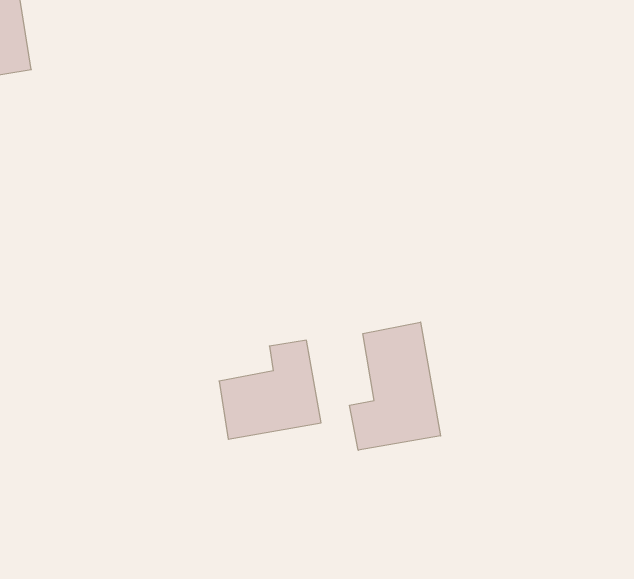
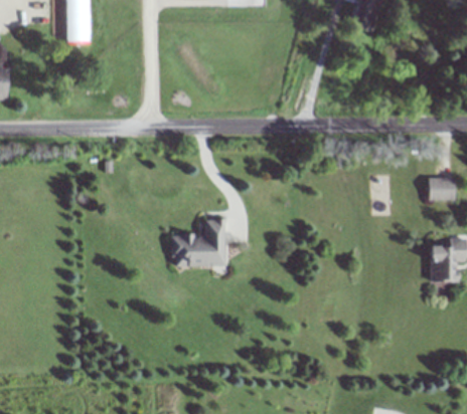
building: [350,322,441,450] -> none

